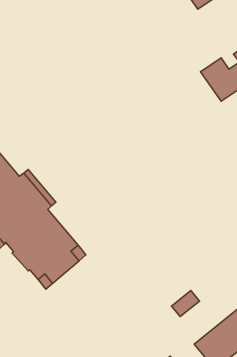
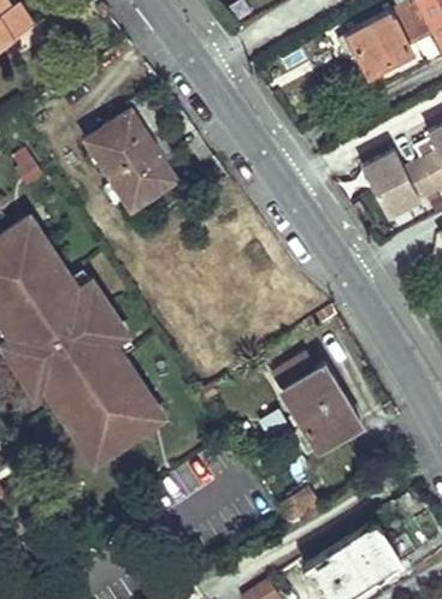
building: none -> [88,113,177,210]
building: none -> [264,342,360,451]

